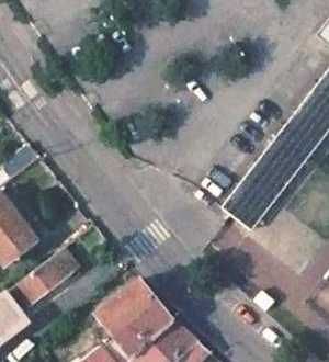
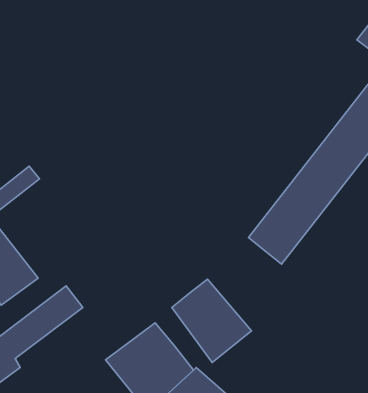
building: none -> [172,279,252,362]

